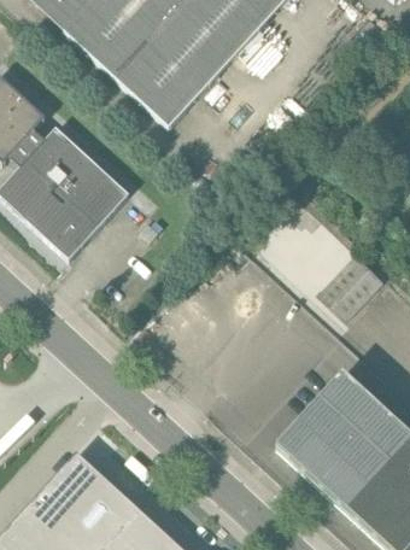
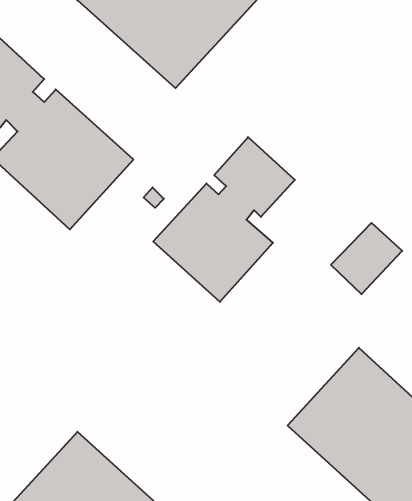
building: none -> [153,137,295,302]

